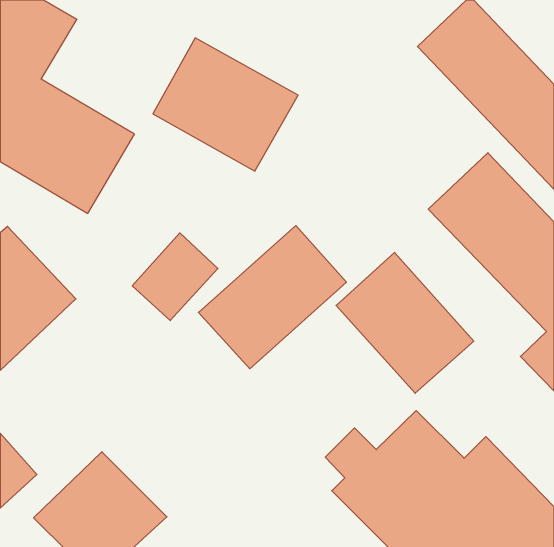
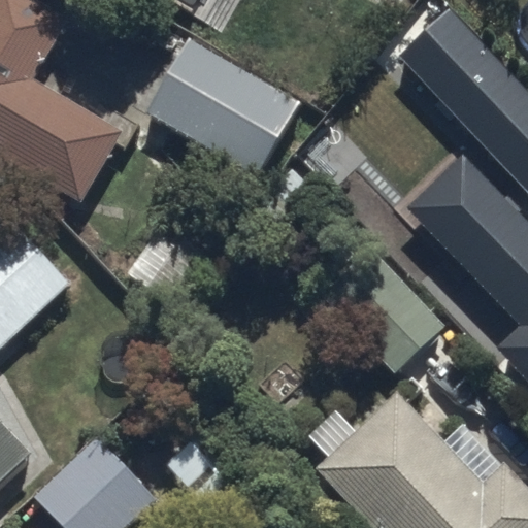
building: [198,226,346,369] -> none

